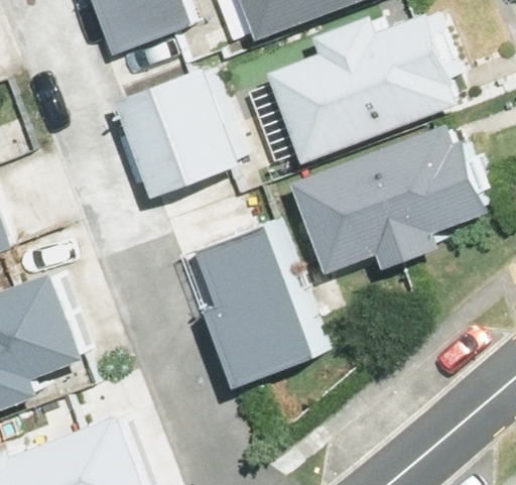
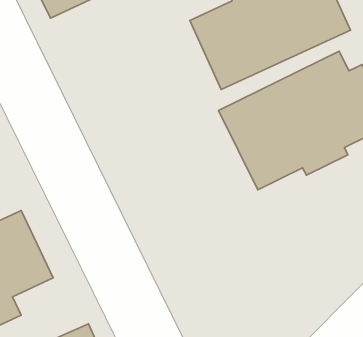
building: [120,69,242,198] -> none
building: [202,219,320,382] -> none

